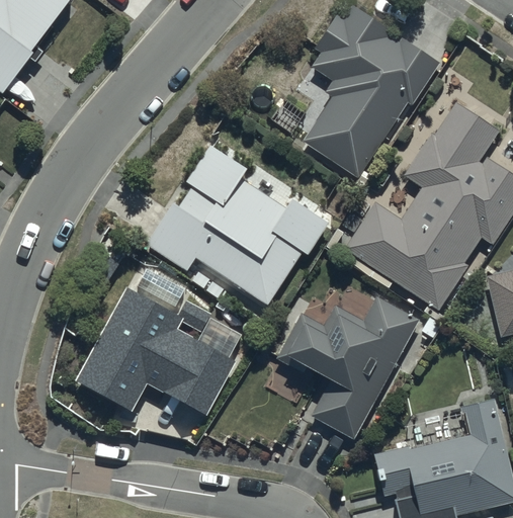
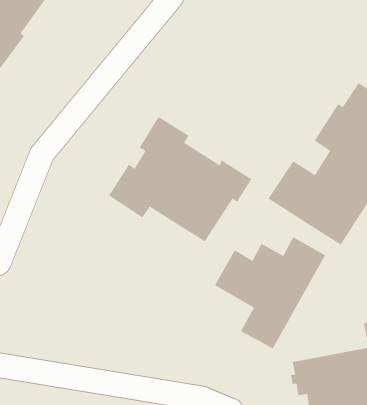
building: [302,6,439,179] -> none
building: [83,284,244,412] -> none

